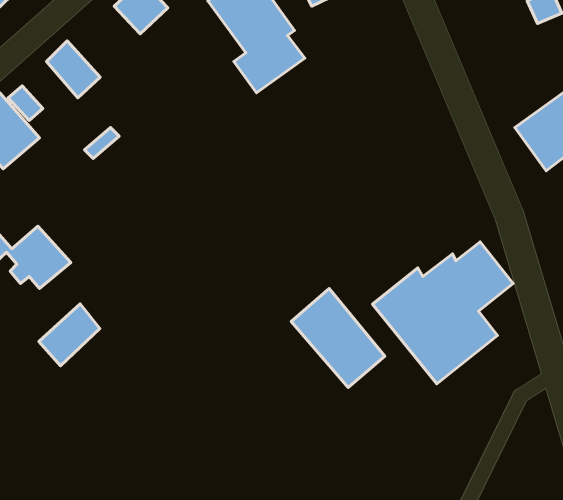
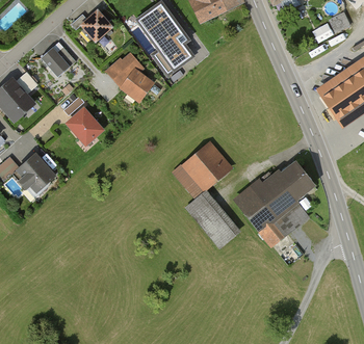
building: none -> [106,50,153,99]
building: none -> [66,103,104,142]
building: none -> [174,143,233,201]
building: [39,304,100,366] -> none

